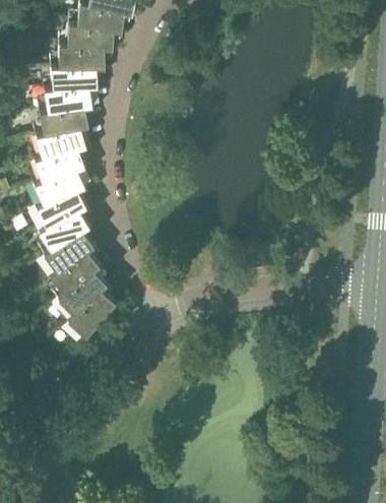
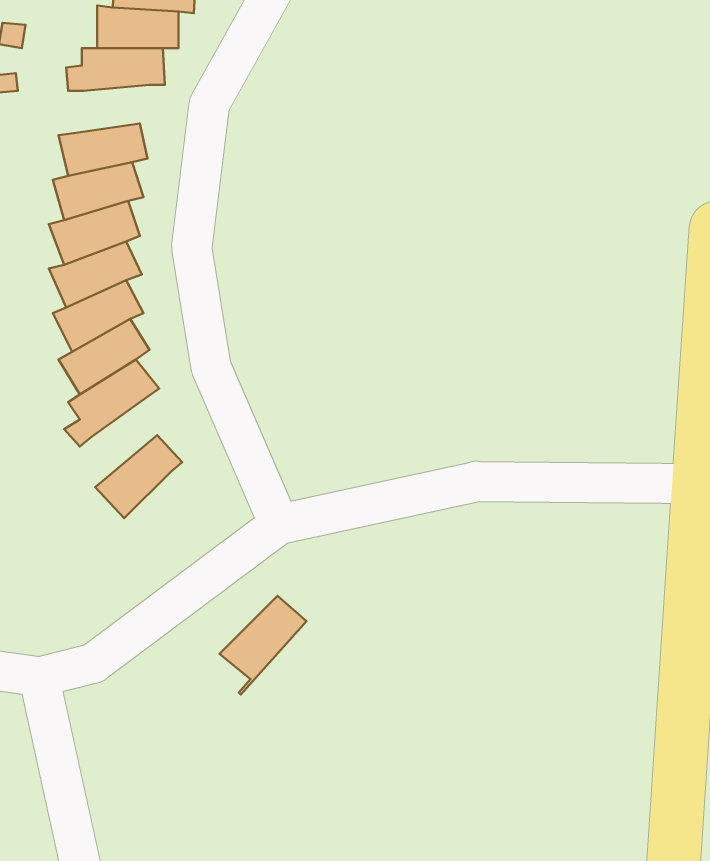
building: [46,87,91,113] -> none
building: [52,252,99,294] -> none
building: [69,291,115,342] -> [219,596,307,695]

